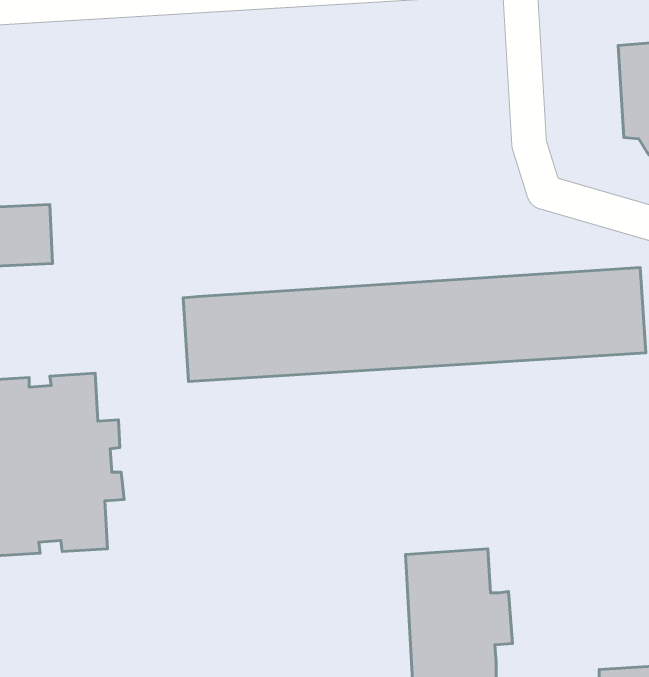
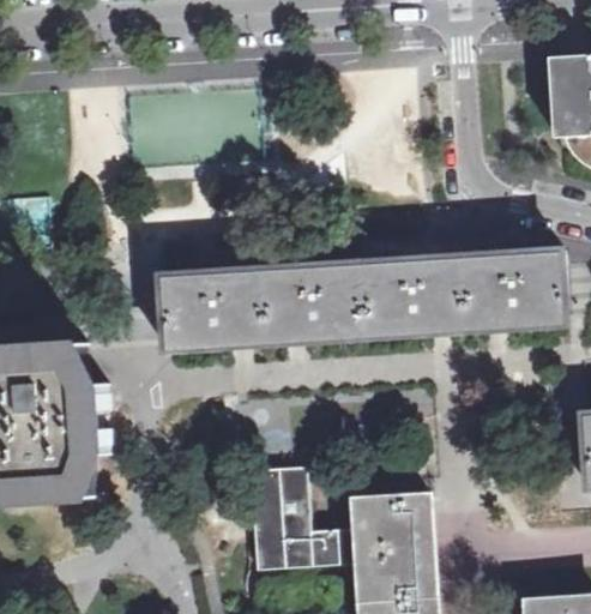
building: none -> [249,465,354,567]

